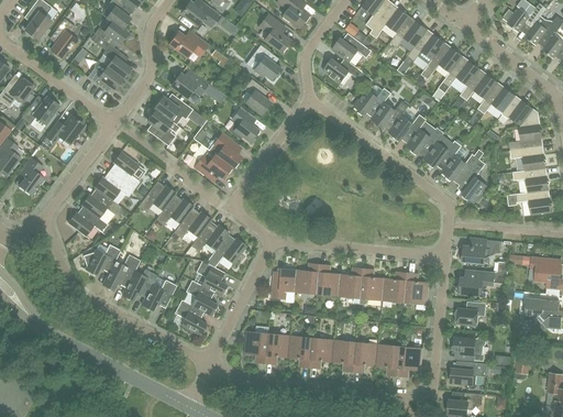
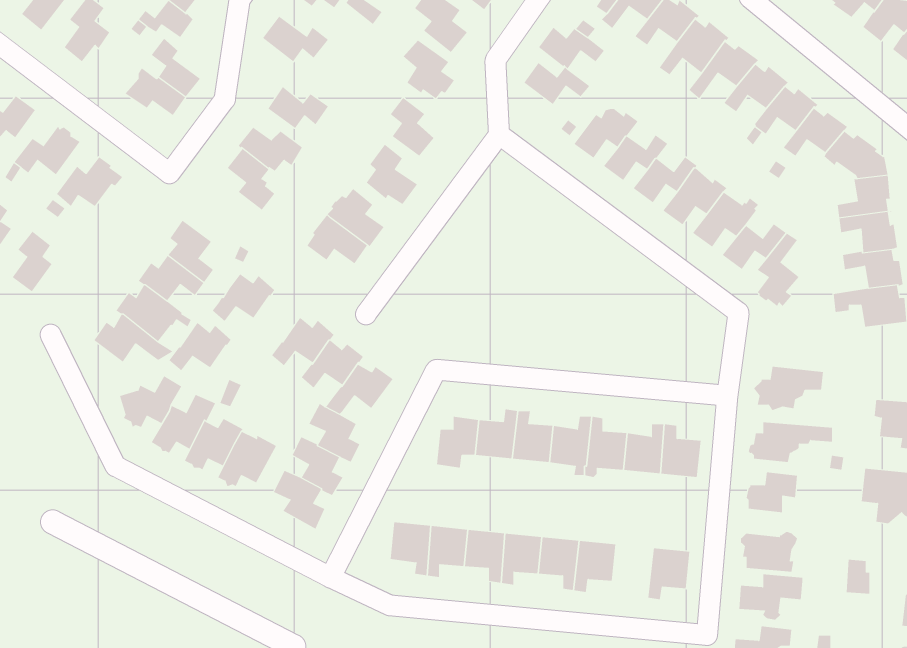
building: [156,196,194,224] -> [169,323,232,371]
building: [376,343,400,375] -> none

